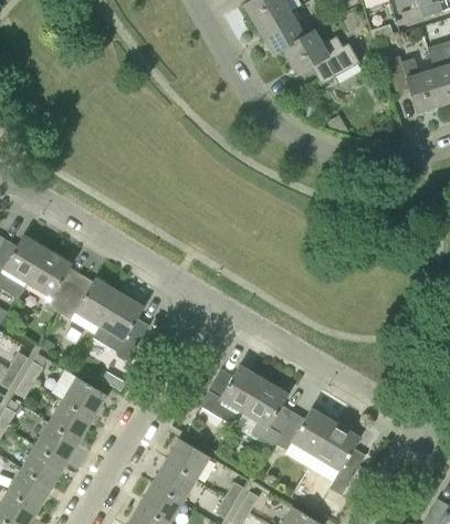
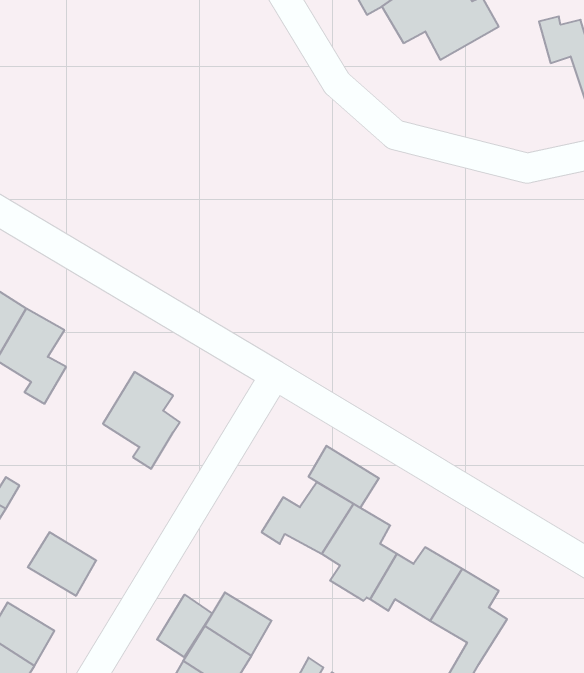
building: [59,279,118,327] -> none
building: none -> [309,446,379,508]
building: [62,377,106,418] -> none
building: [34,422,80,464] -> none
building: none -> [157,595,212,657]

